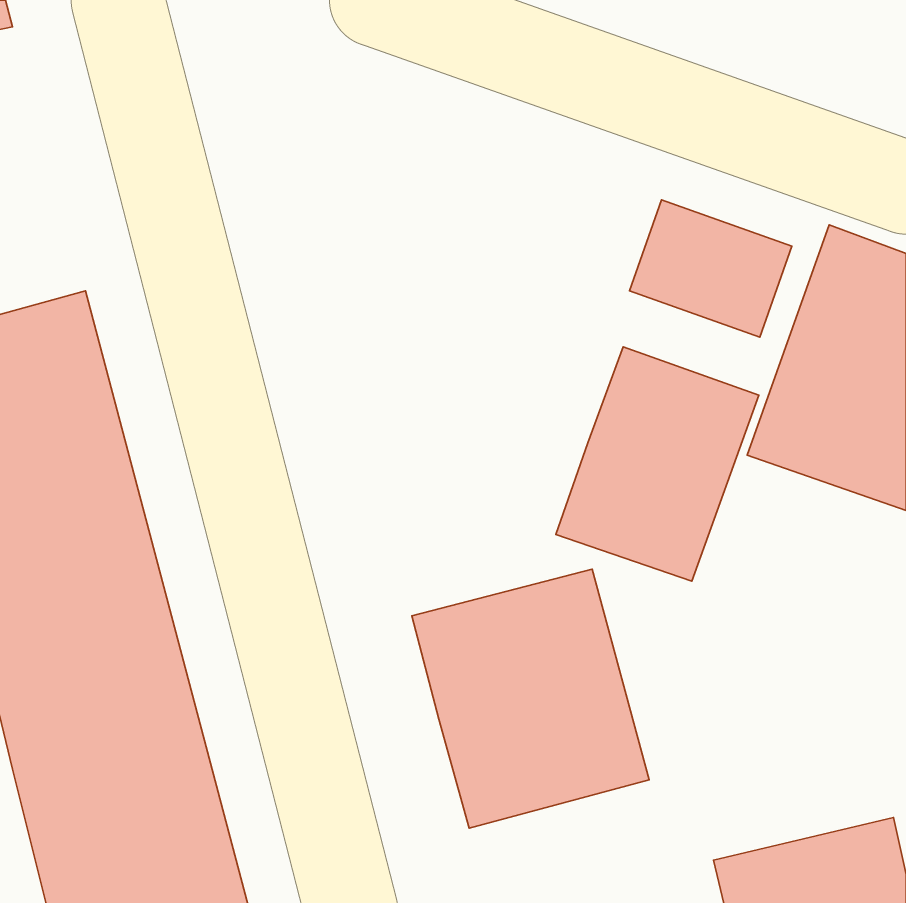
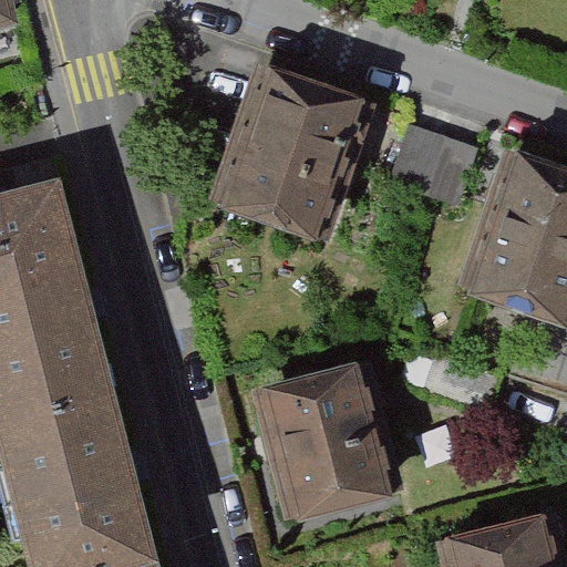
building: none -> [216,59,377,236]
building: [556,347,759,581] -> none

